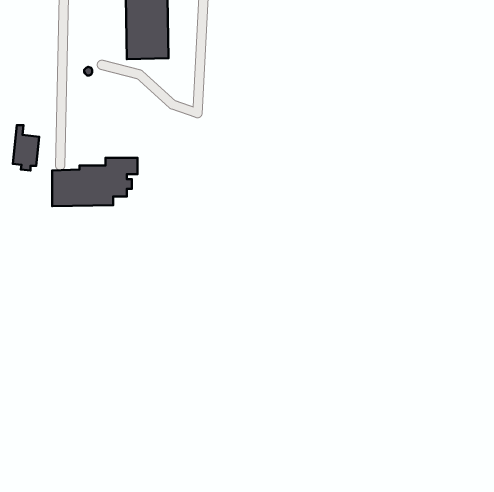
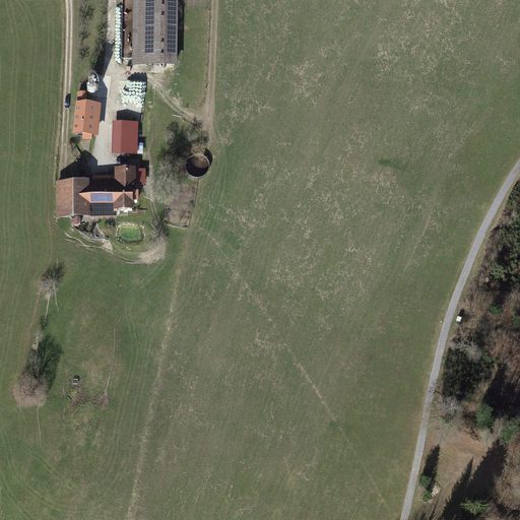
building: none -> [112,119,137,153]
building: [13,125,39,171] -> [73,89,101,137]

